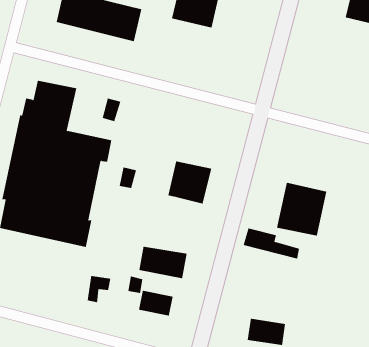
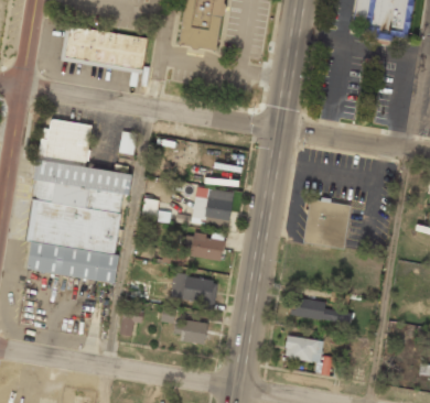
building: none -> [191,235,224,260]
building: [243,228,300,259] -> [292,297,350,324]

